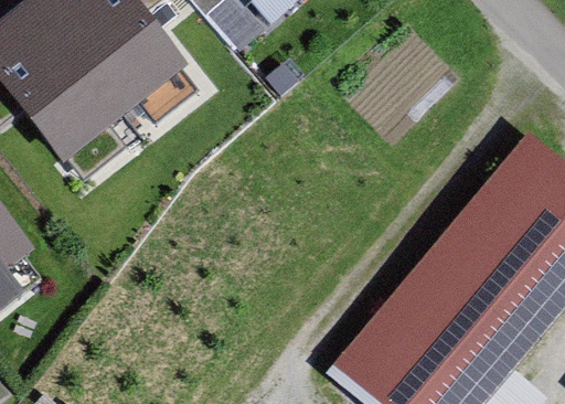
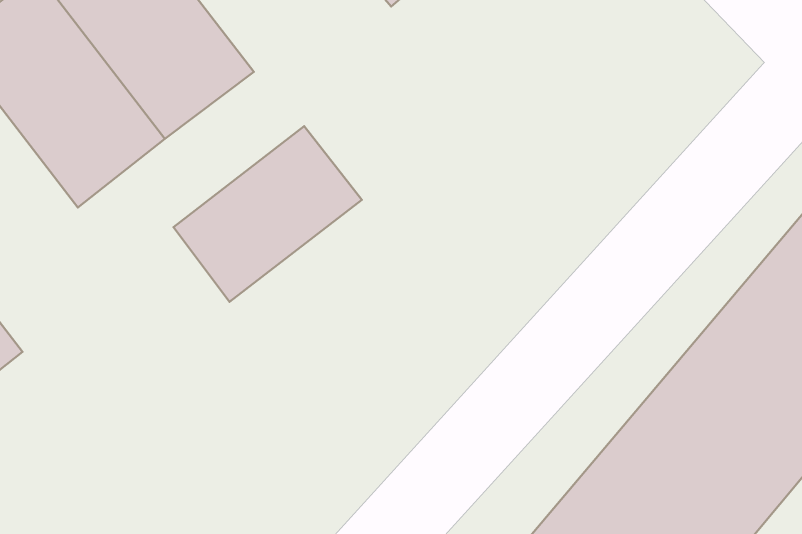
building: none -> [173,126,362,302]

